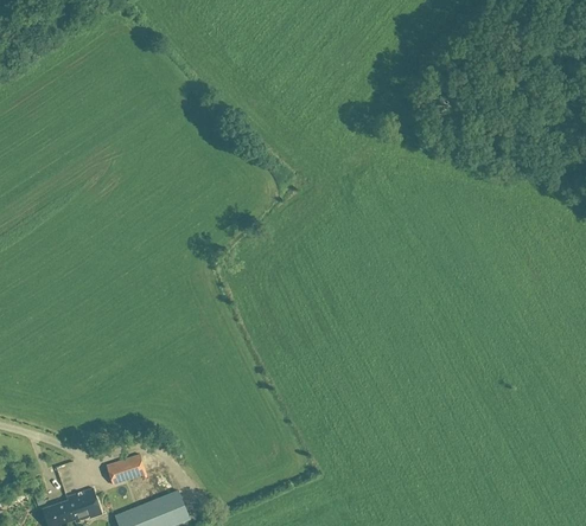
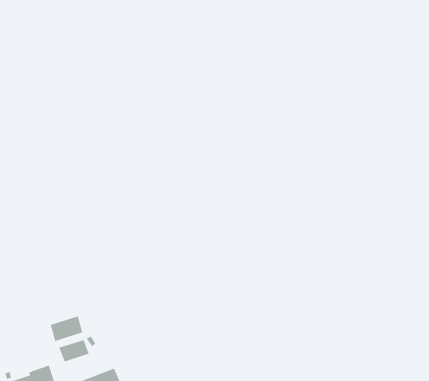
building: none -> [50,316,83,342]

